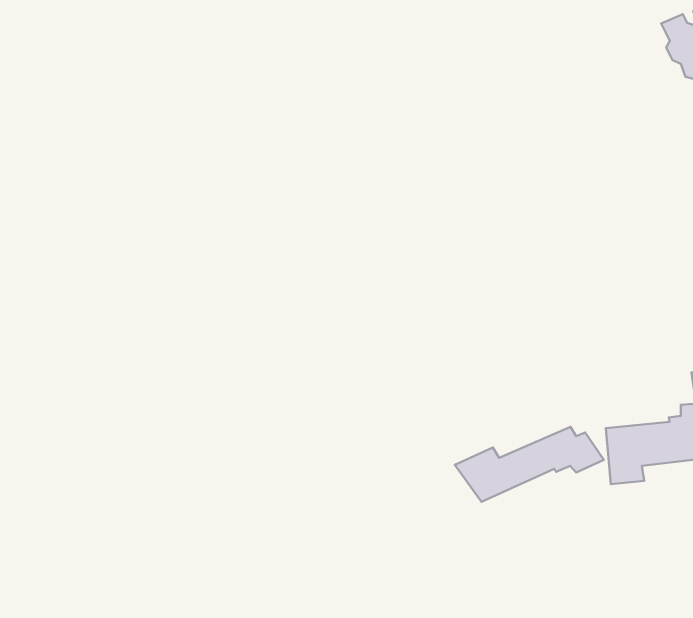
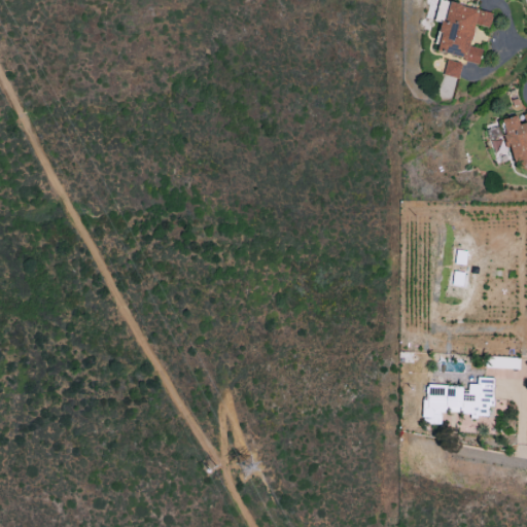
building: [455,427,604,502] -> none

